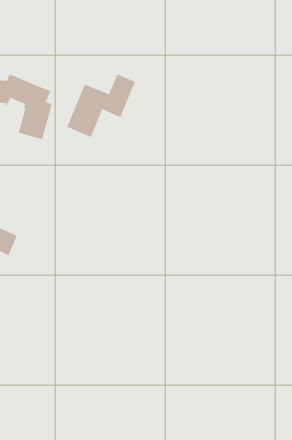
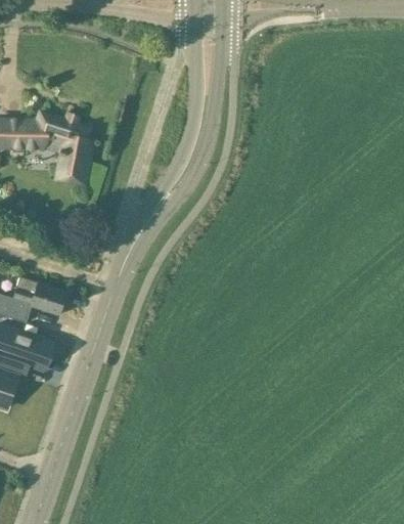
building: [67,73,135,138] -> none

